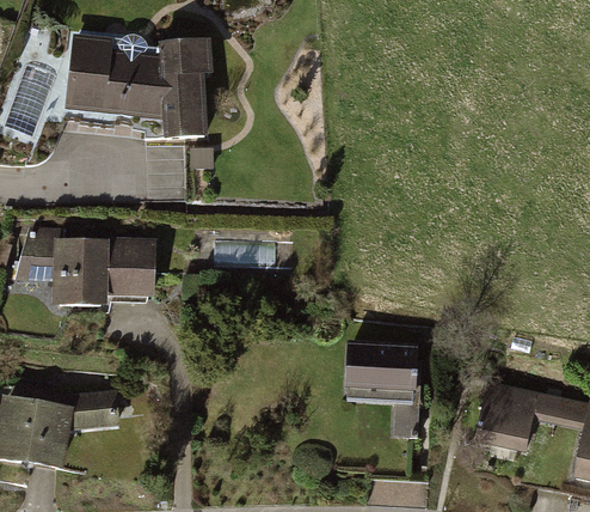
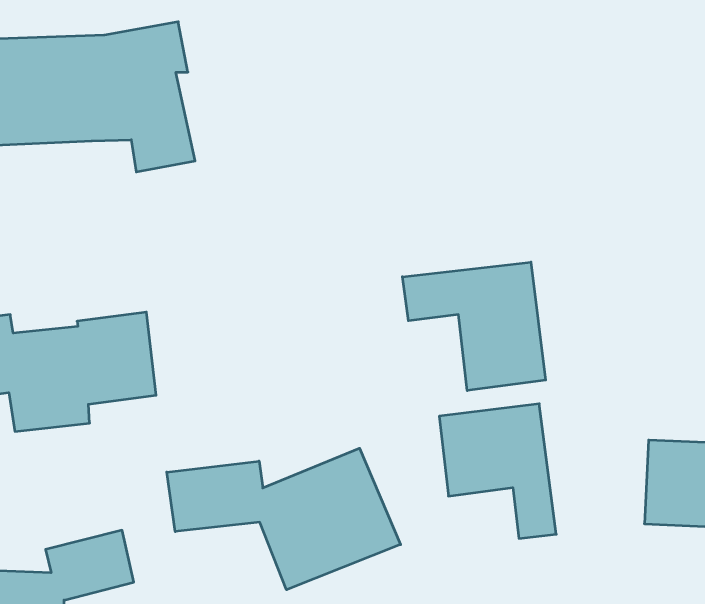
building: none -> [402,262,546,391]
building: none -> [167,448,401,590]

